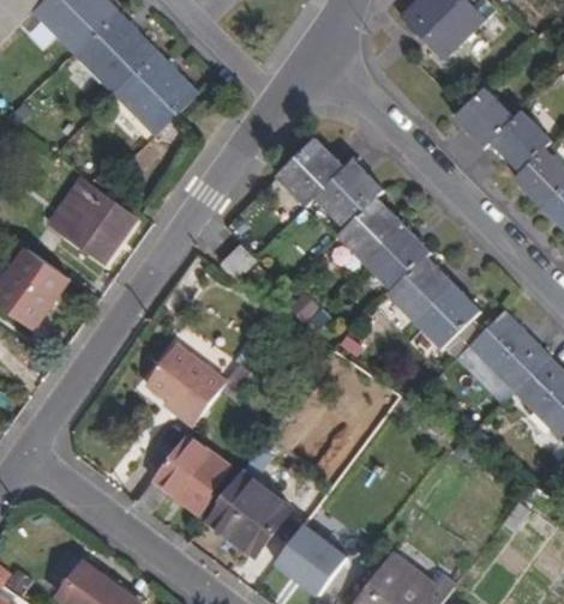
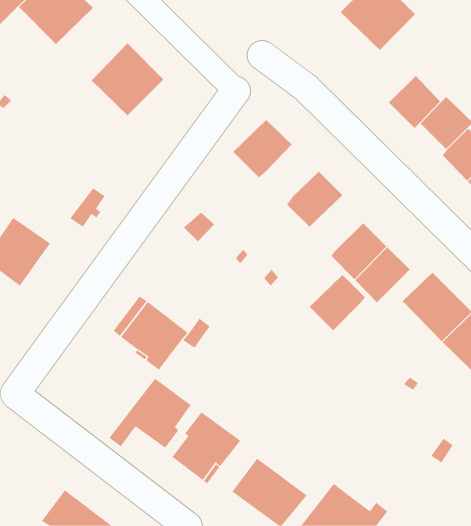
building: [74,11,156,93] -> none
building: [314,158,382,226] -> none
building: [64,189,136,250] -> none
building: [364,224,428,289] -> [309,274,366,331]

